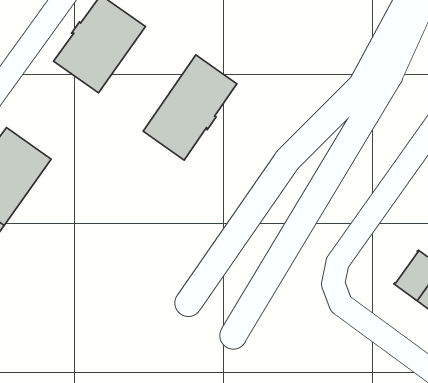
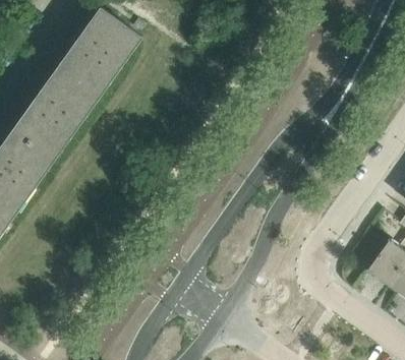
building: [143,55,237,160] -> none
building: none -> [15,67,99,156]

